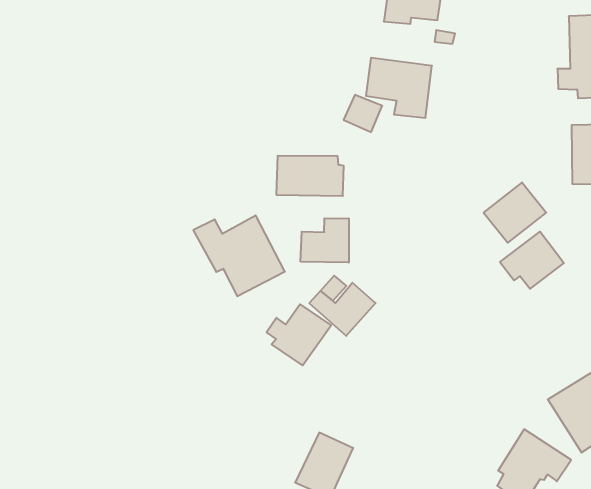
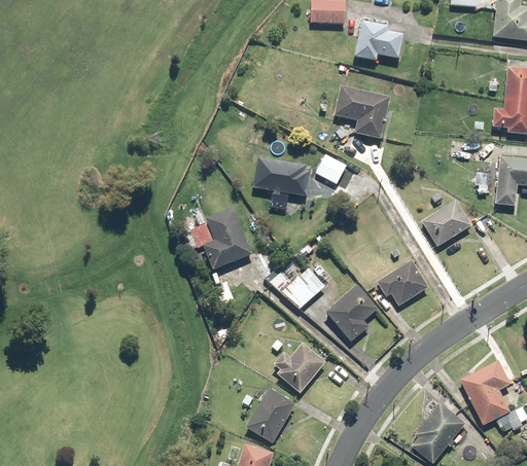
building: [344,95,382,132] -> [316,152,349,184]
building: [301,218,349,263] -> none
building: [500,232,564,289] -> [376,258,428,304]
building: none -> [325,284,378,340]
building: [267,304,331,365] -> [273,343,326,393]

